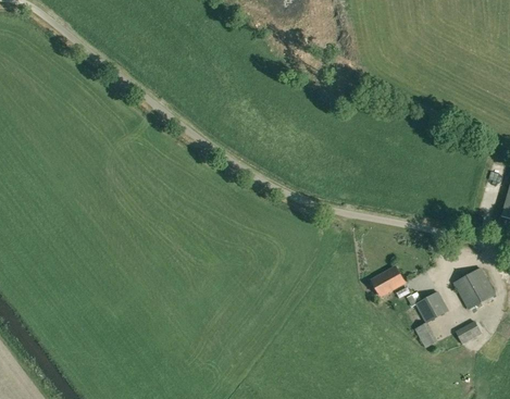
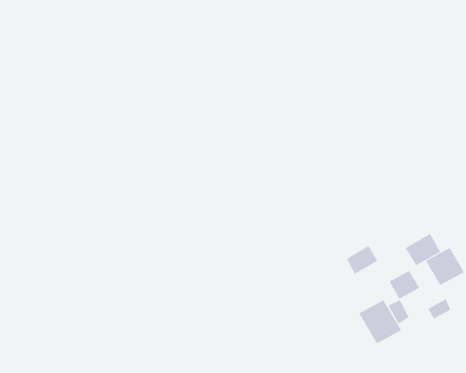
building: none -> [405,233,441,266]
building: none -> [359,299,402,344]

